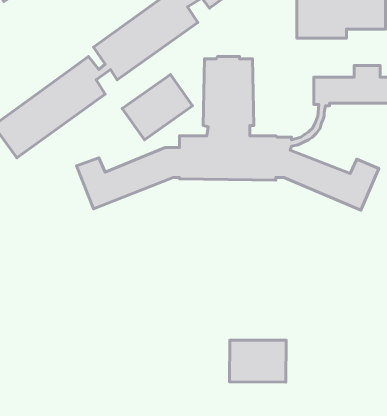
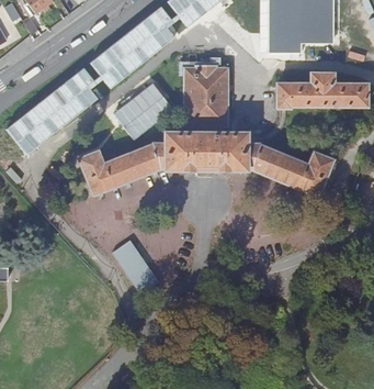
building: none -> [111,238,158,296]
building: [230,340,286,382] -> none

